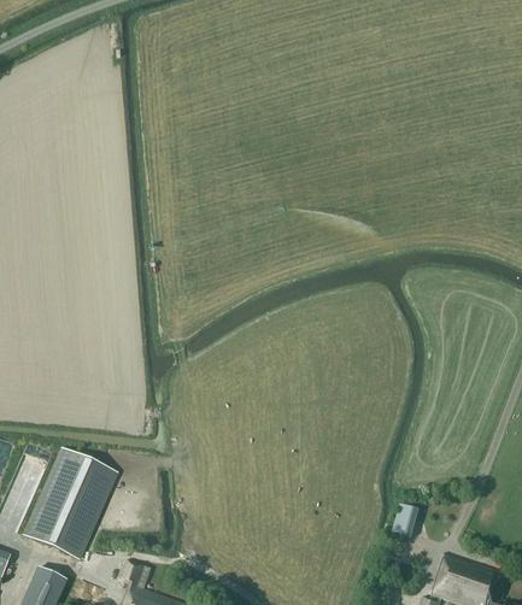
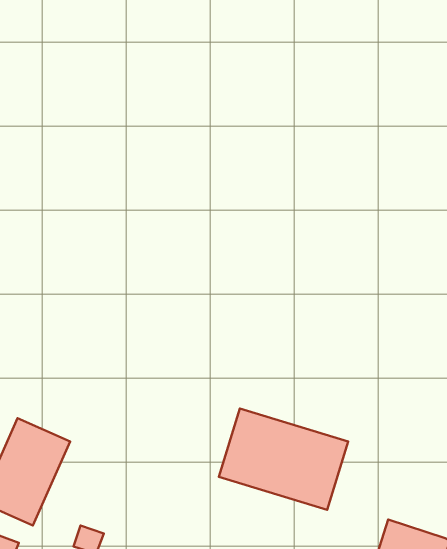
building: none -> [219,408,348,510]
building: [393,505,421,539] -> none

